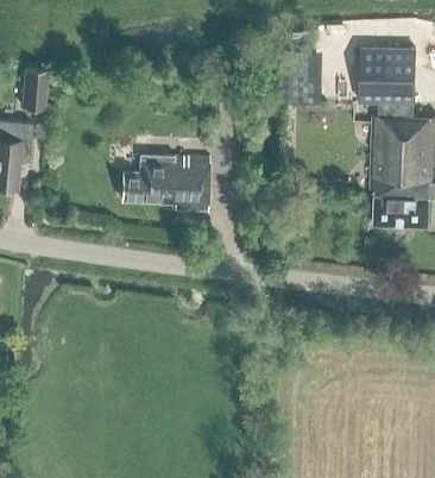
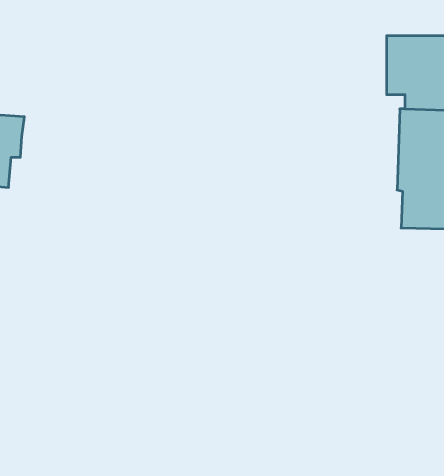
building: [20,68,49,108] -> none
building: [122,153,210,210] -> none

